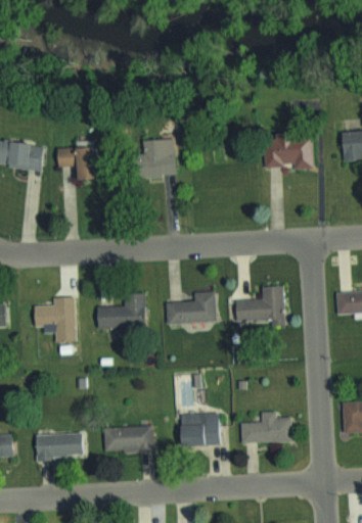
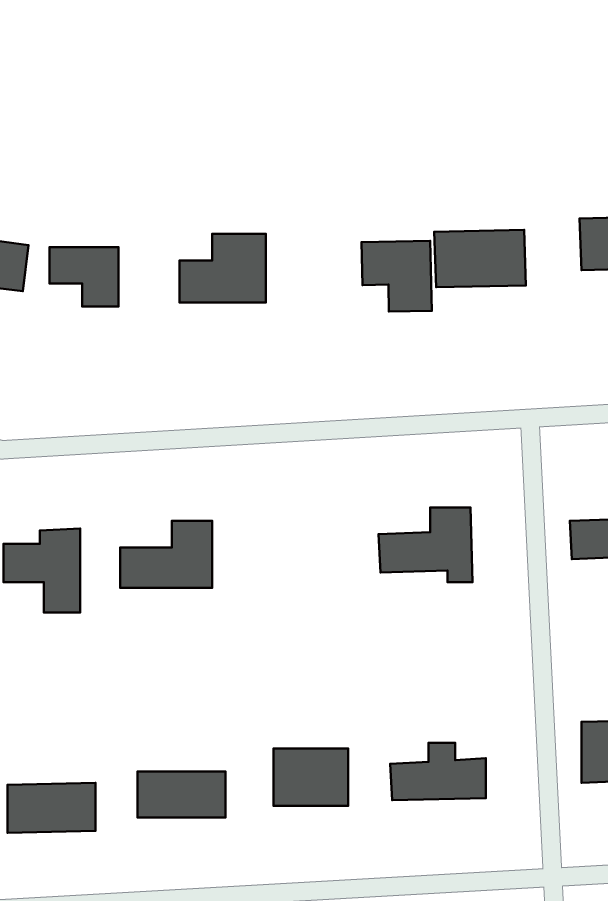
building: none -> [362,241,432,312]
building: [166,291,215,323] -> none

